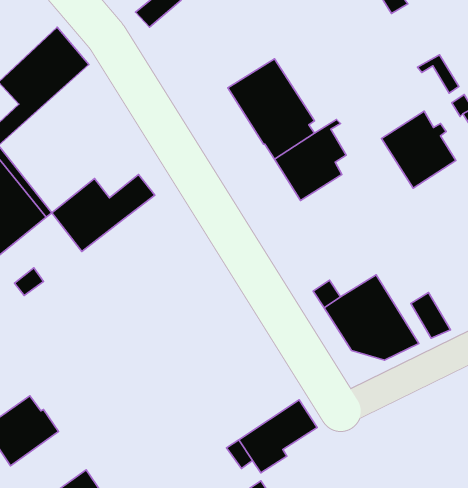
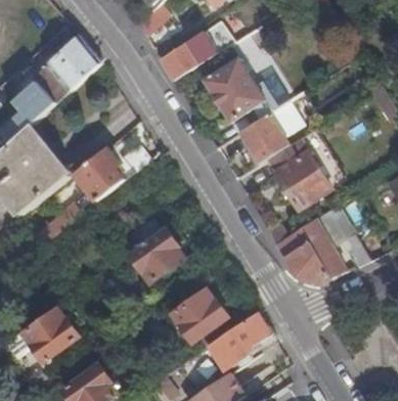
building: none -> [160,31,218,80]
building: [381,111,456,188] -> [275,151,330,209]
building: none -> [121,218,183,283]
building: none -> [172,291,227,343]

